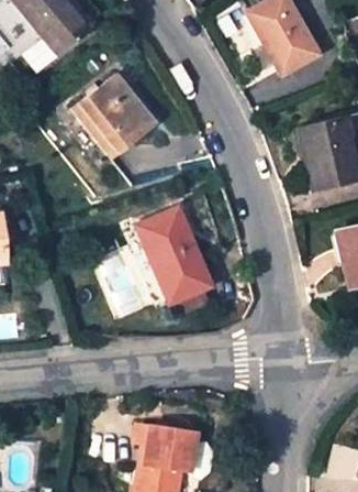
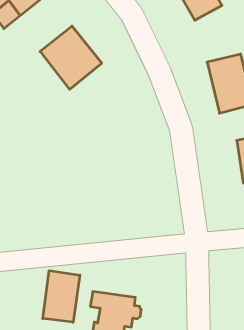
building: [136,207,206,311] -> none
building: none -> [43,271,80,322]

